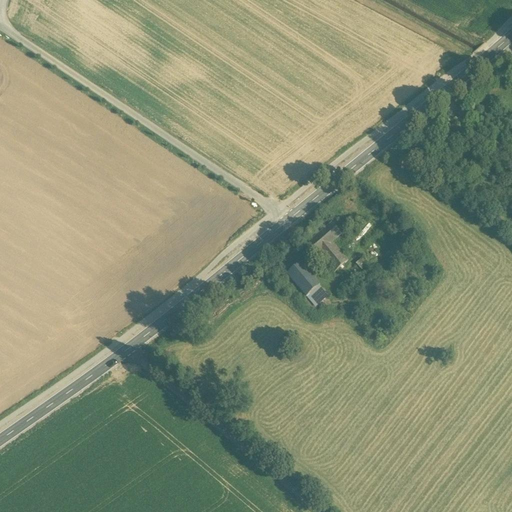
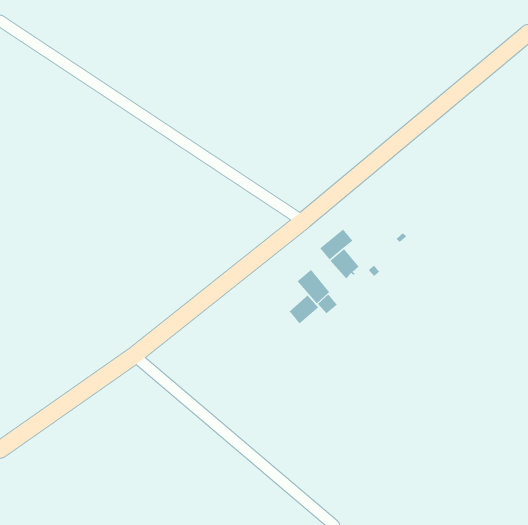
building: none -> [288,294,319,324]

